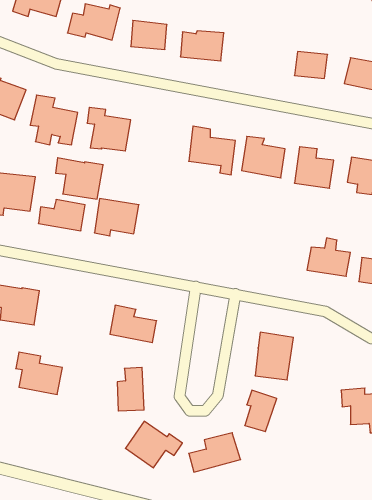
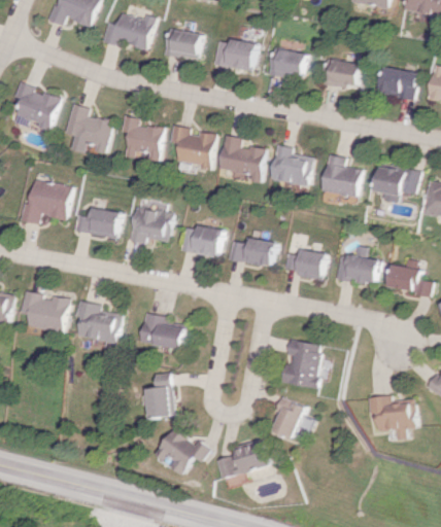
building: none -> [267,50,304,78]
building: [56,158,103,199] -> [168,127,215,168]
building: none -> [177,225,222,257]
building: none -> [228,237,276,268]
building: none -> [283,249,327,280]
building: [16,352,62,394] -> [77,301,124,343]

